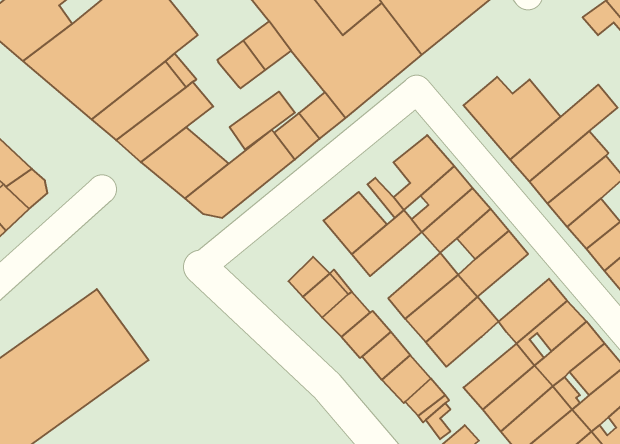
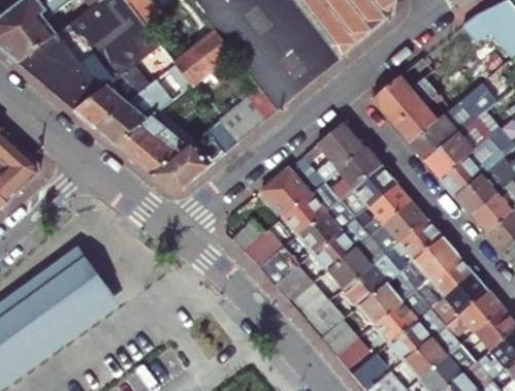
building: [230,92,295,150] -> none
building: none -> [297,198,353,251]
building: none -> [383,216,440,269]
building: none -> [358,278,414,322]

